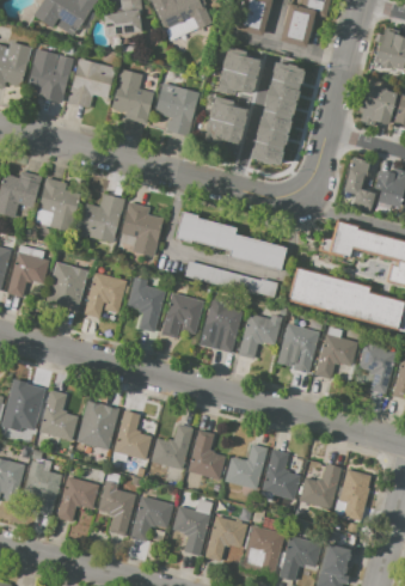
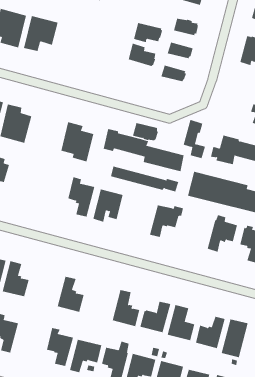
building: [222,45,259,75] -> none
building: [111,68,154,123] -> none
building: [266,78,300,102] -> none
building: [154,83,200,136] -> none
building: [258,109,292,133] -> none
building: [203,117,243,145] -> none
building: [248,140,284,165] -> [132,122,159,141]
building: [343,155,374,209] -> [183,119,206,159]
building: [78,193,124,243] -> none
building: [45,261,87,310] -> none
building: [84,271,129,317] -> none
building: [204,303,243,353] -> none
building: [278,323,318,372] -> none
building: [76,401,118,447] -> none
building: [148,423,194,468] -> none
building: [57,476,98,520] -> none

